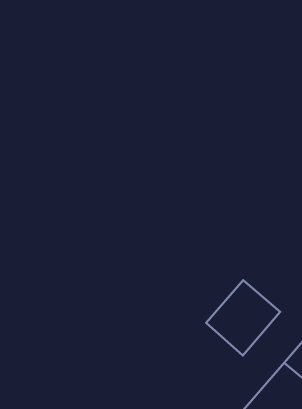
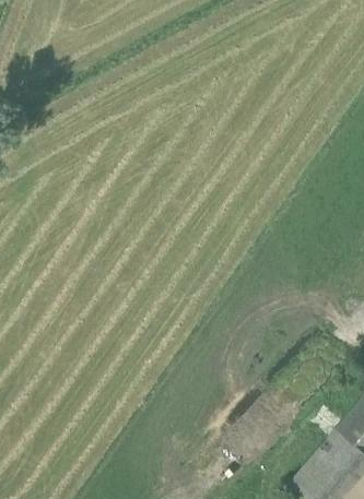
building: [206,280,280,355] -> none

